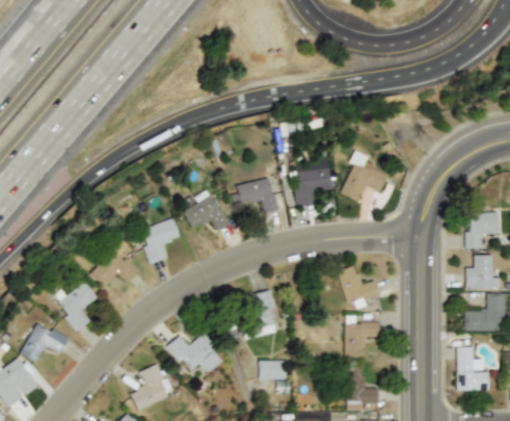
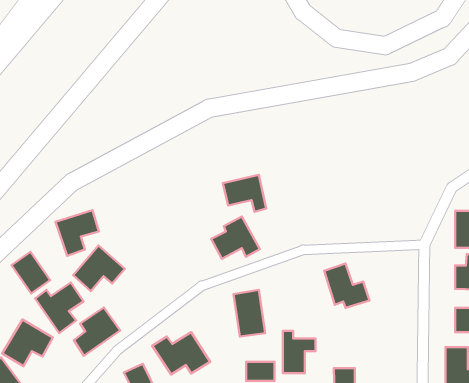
building: [340,152,387,202] -> none
building: [294,167,334,207] -> none
building: [184,190,232,232] -> [211,217,260,259]
building: [139,219,182,264] -> [55,210,99,256]
building: none -> [11,252,50,294]
building: none -> [74,308,120,356]
building: [345,316,377,358] -> [283,331,315,373]

